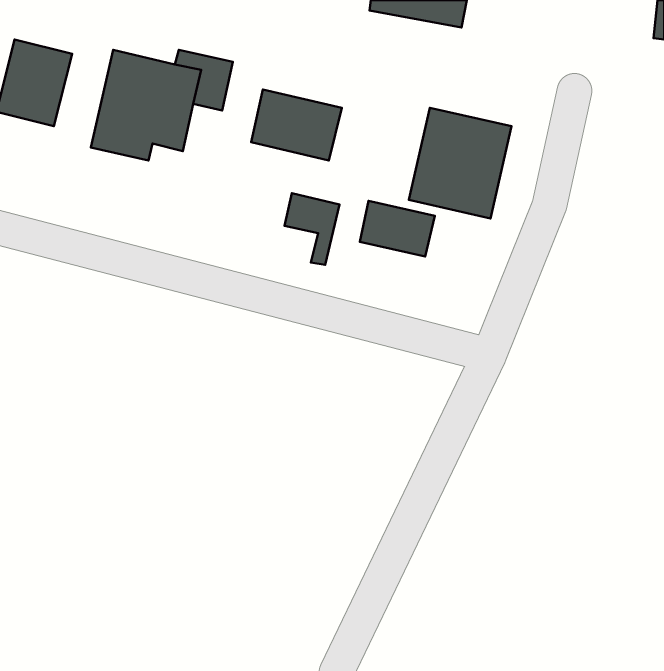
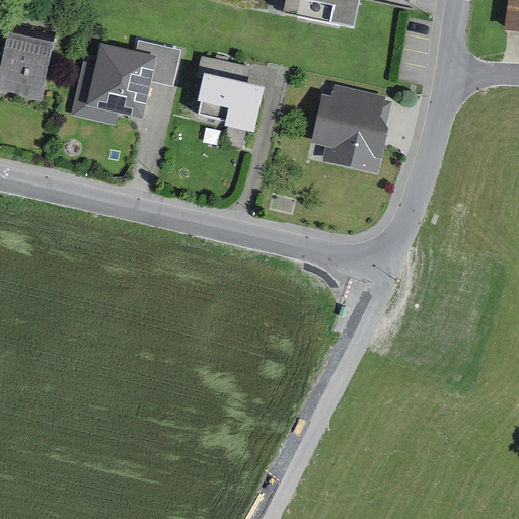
building: [284,193,339,265] -> none
building: [360,201,435,256] -> none

